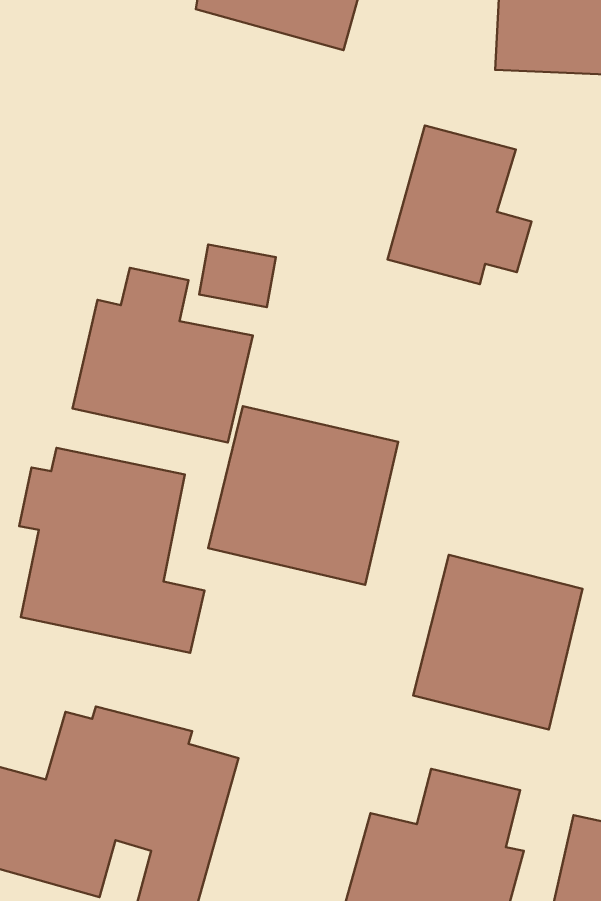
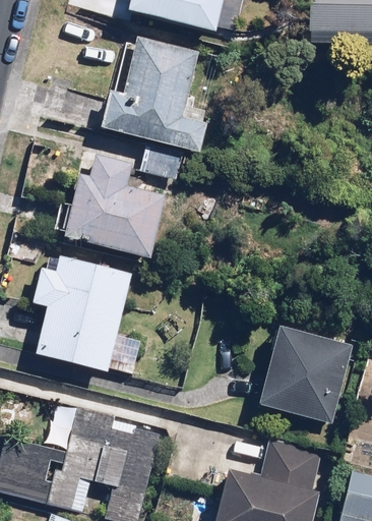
building: none -> [103,37,211,151]
building: [388,125,531,284] -> none
building: [208,406,398,585] -> none

